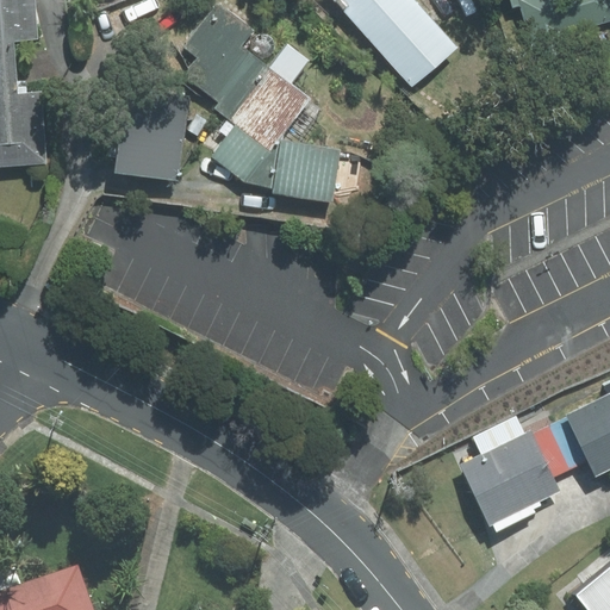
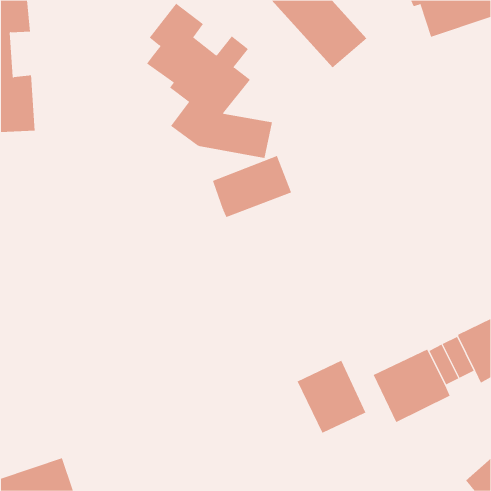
building: [116,91,188,180] -> none
building: none -> [212,155,292,218]
building: none -> [297,360,366,434]

